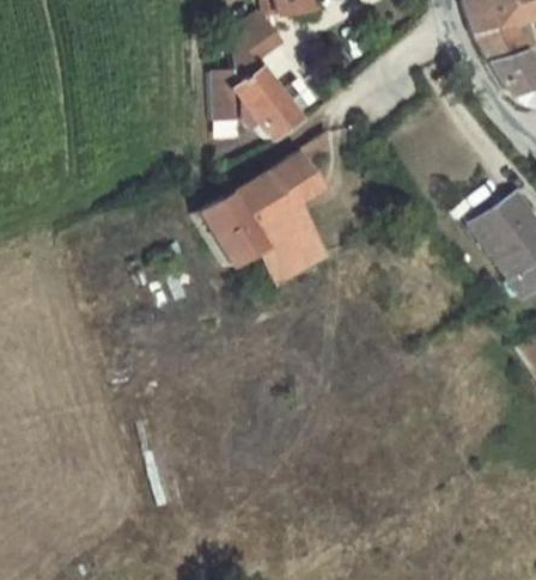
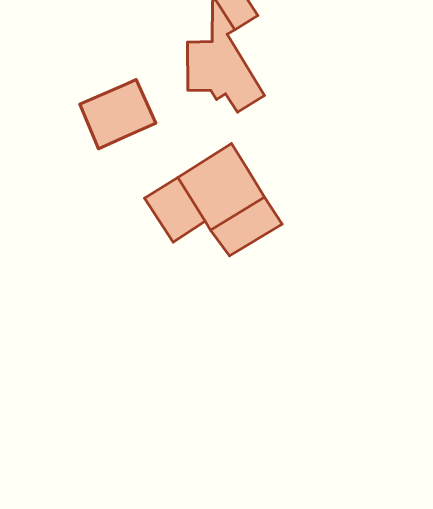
building: none -> [80,79,156,149]
building: [263,130,325,194] -> none

